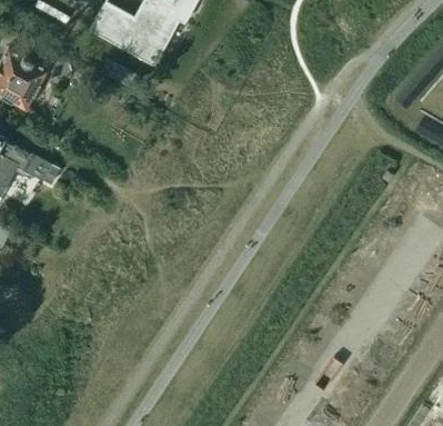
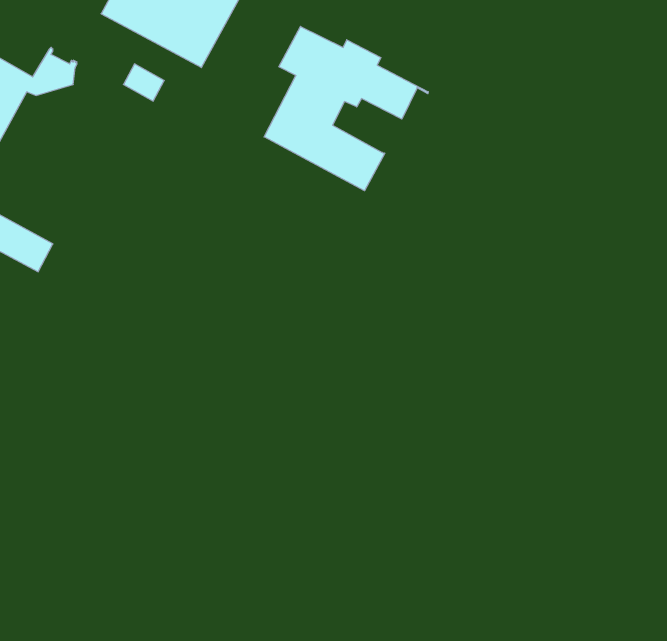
building: none -> [264,26,428,191]

